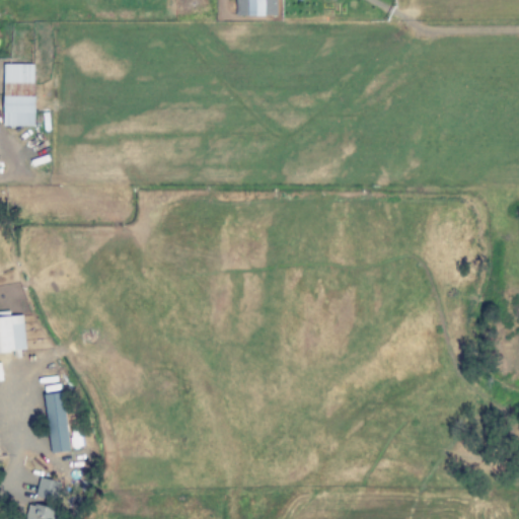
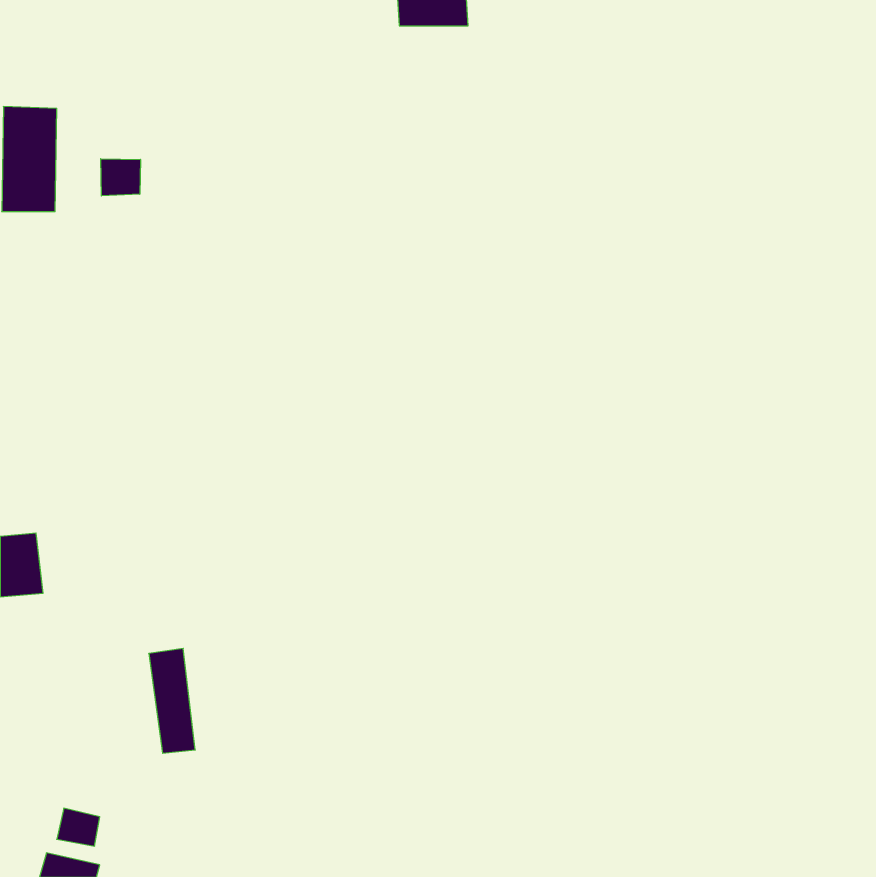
building: none -> [101,159,140,196]
building: [44,391,71,453] -> [149,648,195,753]

